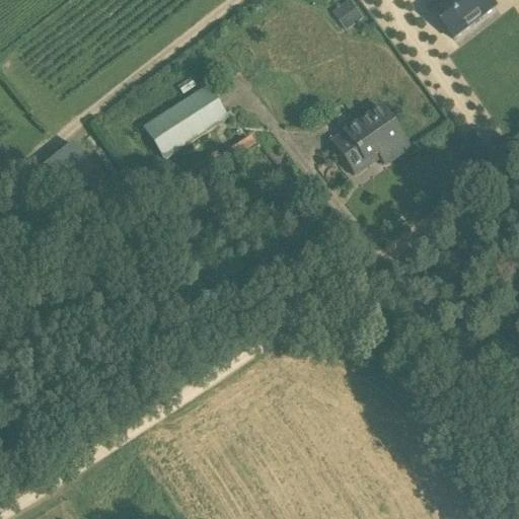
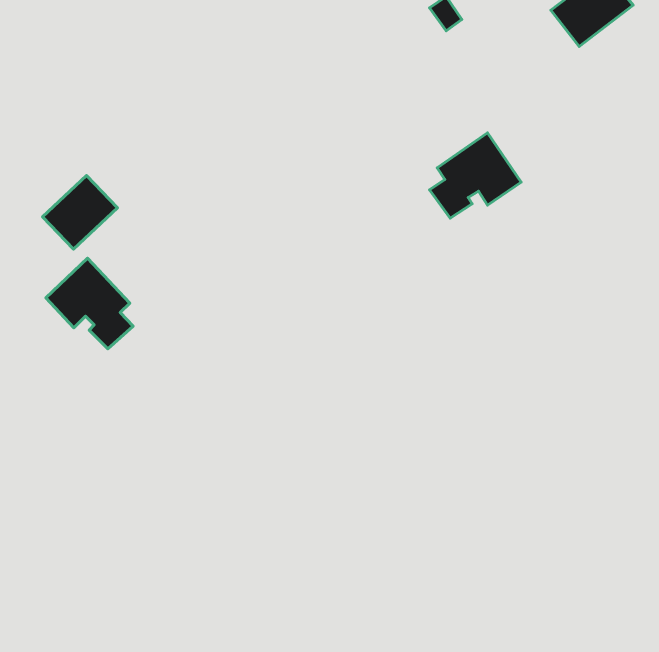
building: [143,83,226,155] -> none
building: none -> [46,258,133,349]

